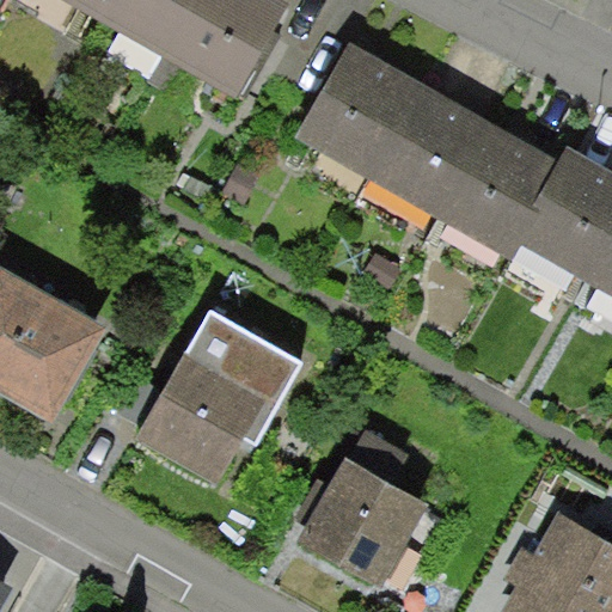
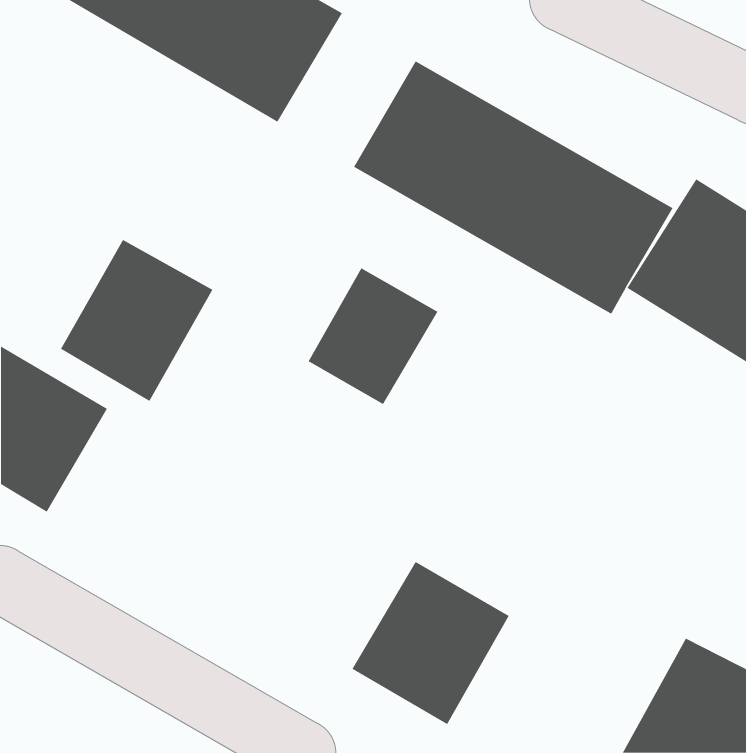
building: none -> [60,239,213,402]
building: none -> [308,268,438,405]
building: [140,310,310,481] -> none

